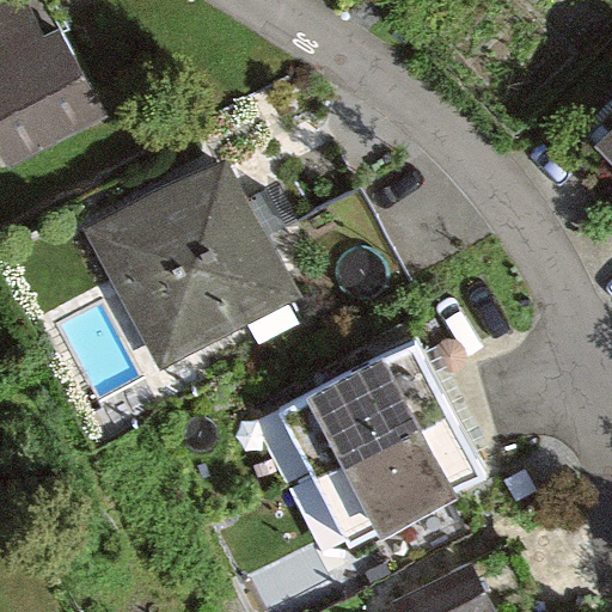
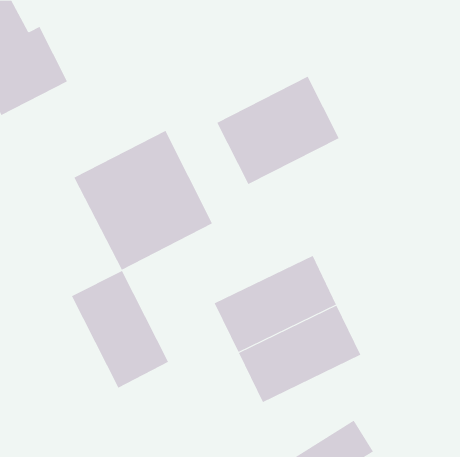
building: none -> [216,76,340,185]
building: none -> [71,270,169,388]

